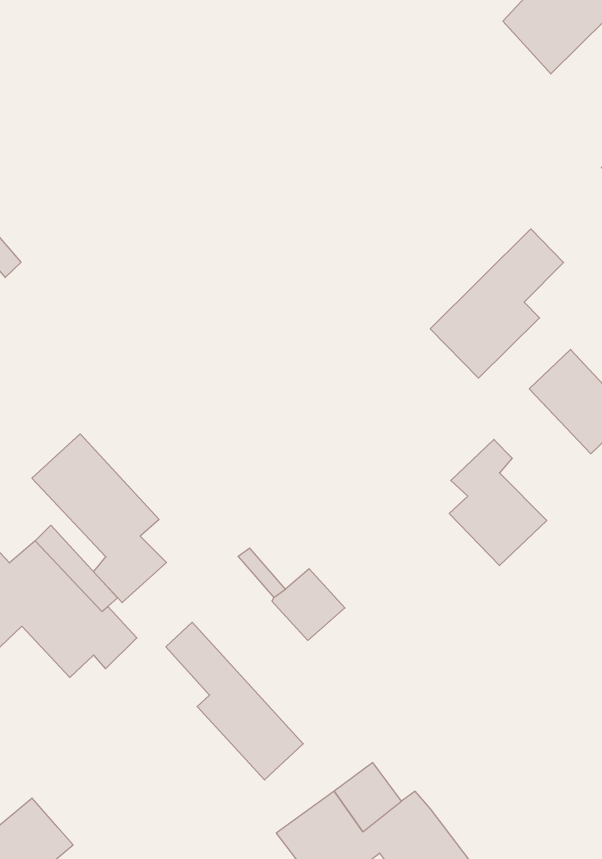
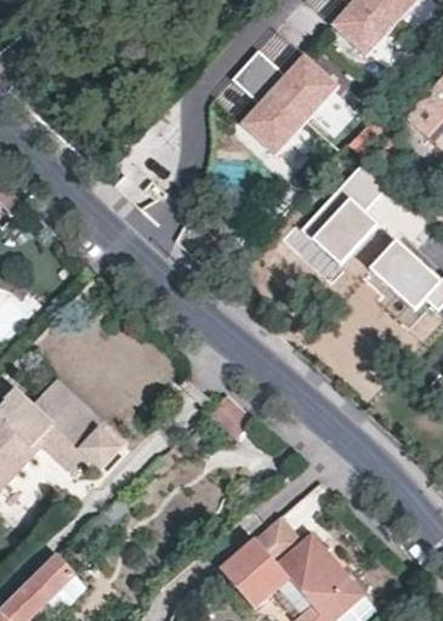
building: none -> [240,50,341,154]
building: [32,434,166,603] -> none
building: [449,439,547,566] -> none
building: [166,622,303,780] -> none

